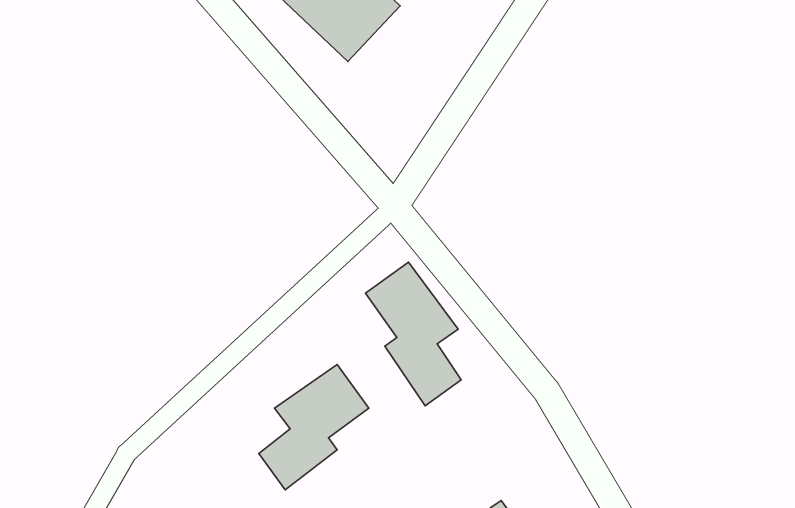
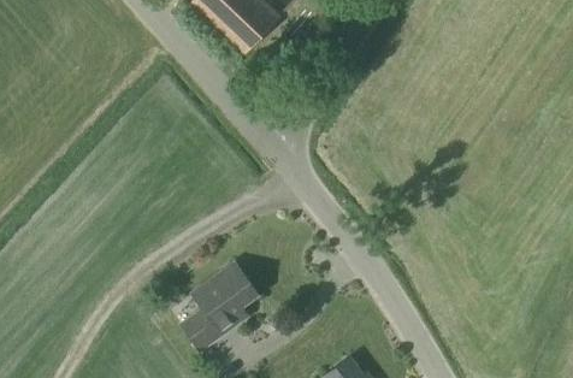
building: [365,262,461,406] -> none

